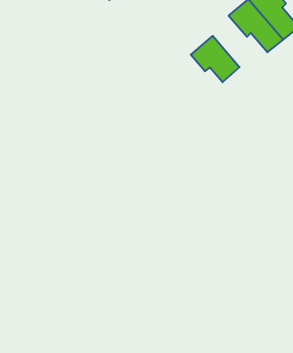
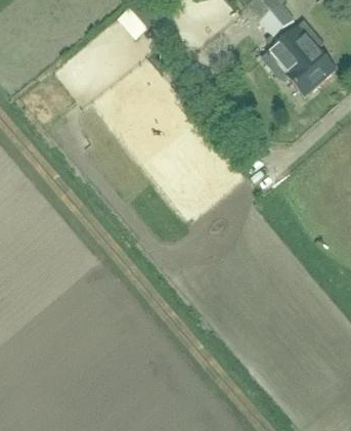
building: [191,36,240,82] -> none

